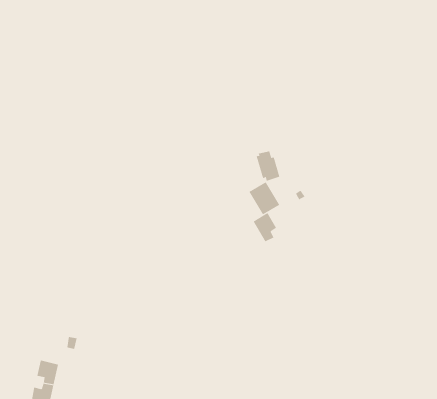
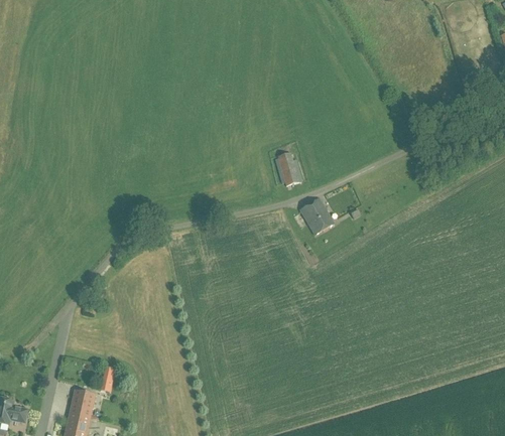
building: [256,151,280,182] -> [275,152,301,185]
building: [253,212,277,242] -> none

